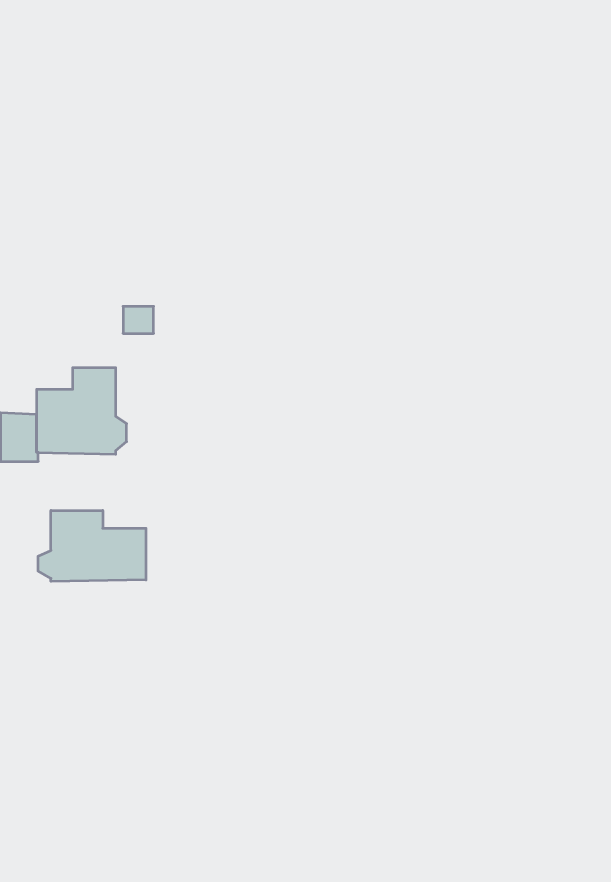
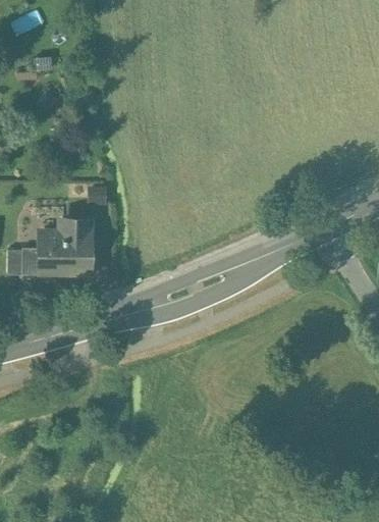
building: [38,510,146,581] -> none

